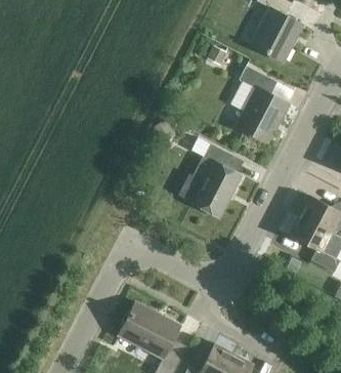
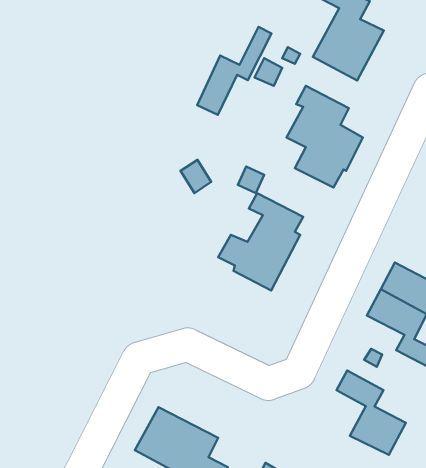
building: none -> [197,27,271,115]
building: none -> [336,370,406,455]

